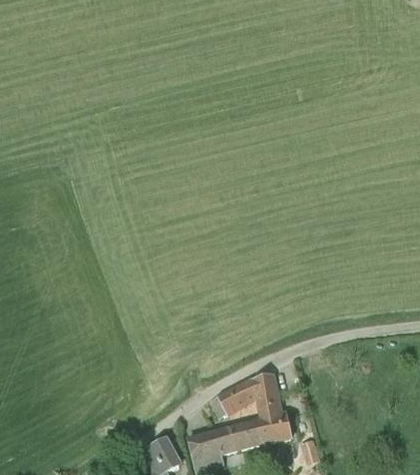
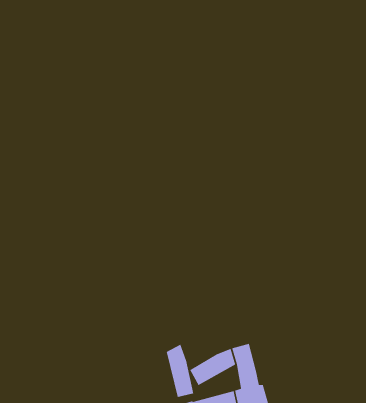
building: none -> [166,344,194,398]

